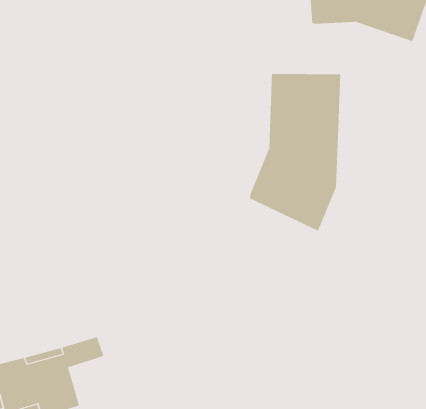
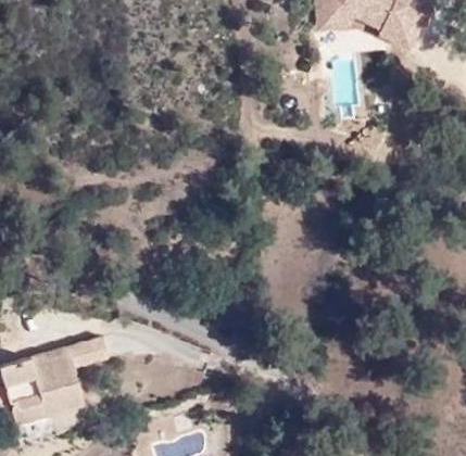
building: [250,73,341,231] -> none

